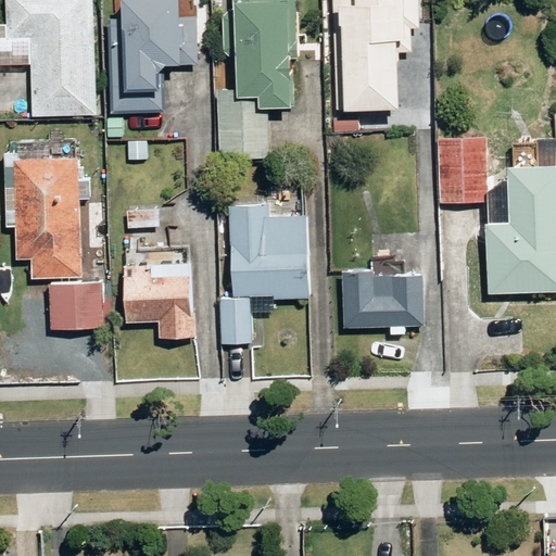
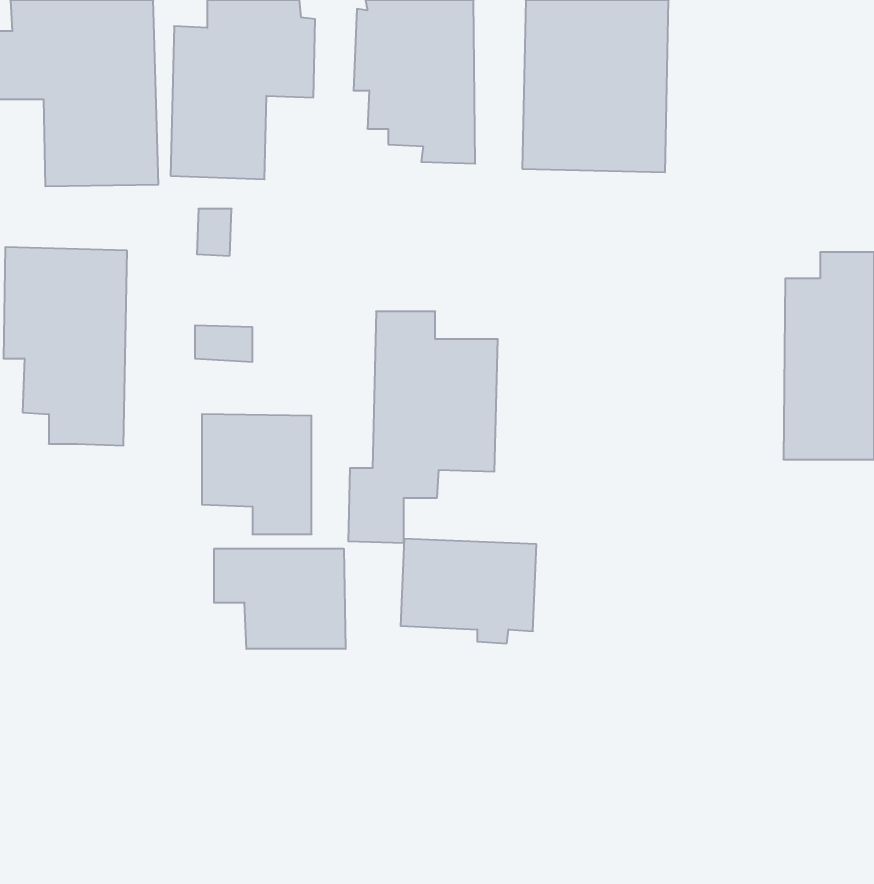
building: [438,134,486,203] -> none
building: [339,269,424,334] -> [401,539,536,643]
building: [47,280,103,329] -> none
building: none -> [214,549,346,649]

